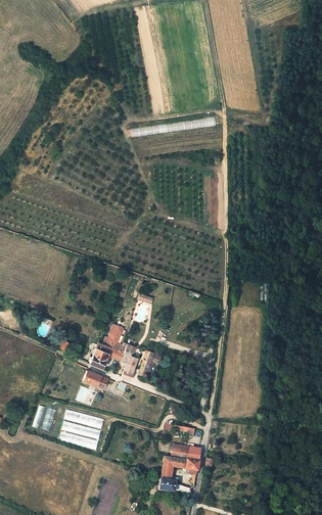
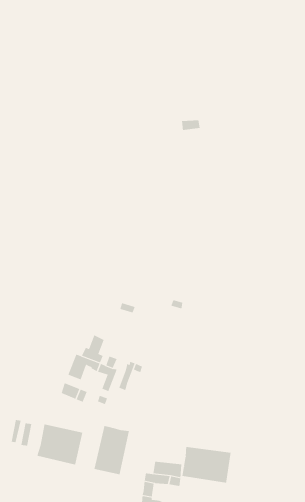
building: none -> [94,425,129,475]
building: none -> [182,446,231,483]

